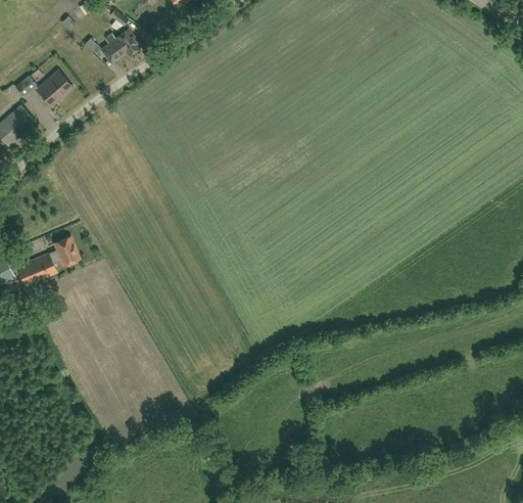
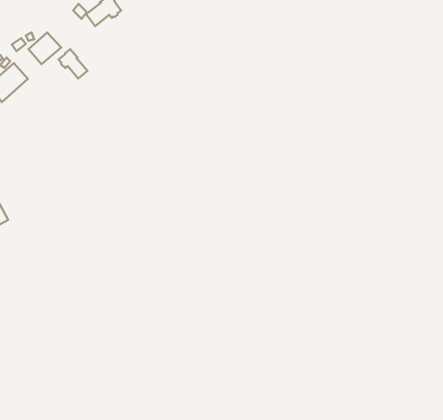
building: none -> [59,49,87,79]
building: [16,237,79,286] -> none

